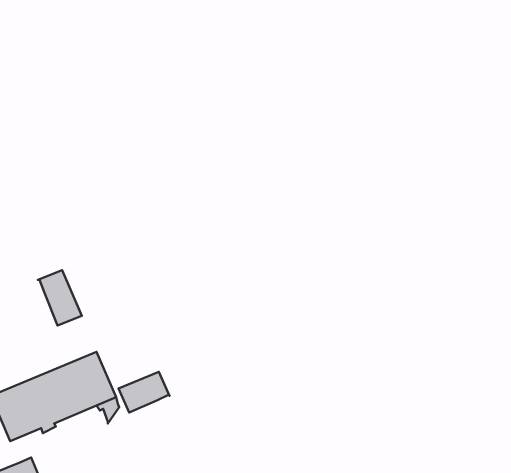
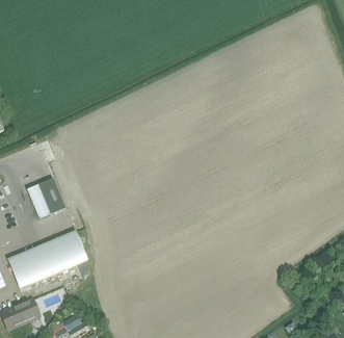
building: [119,372,170,413] -> none

